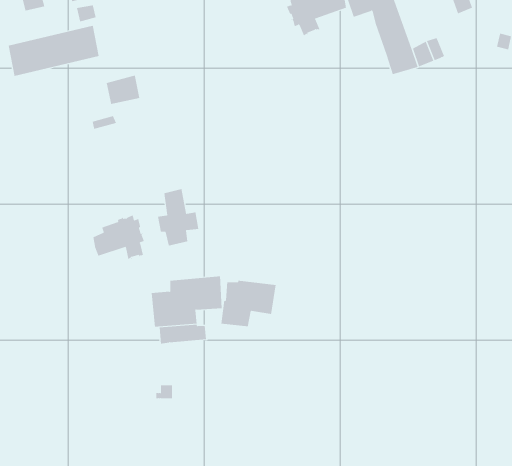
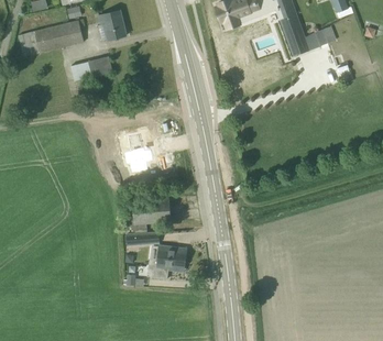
building: none -> [98,10,127,41]
building: [93,215,144,260] -> none
building: [220,280,276,327] -> [147,245,187,278]

